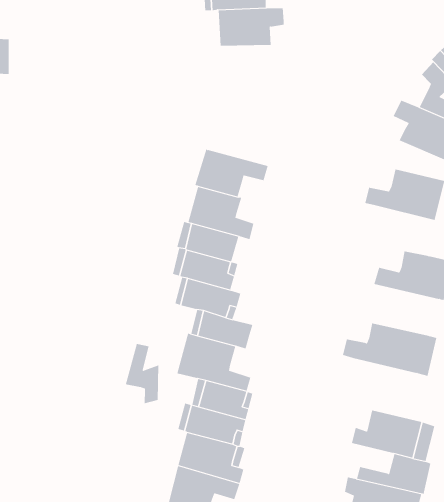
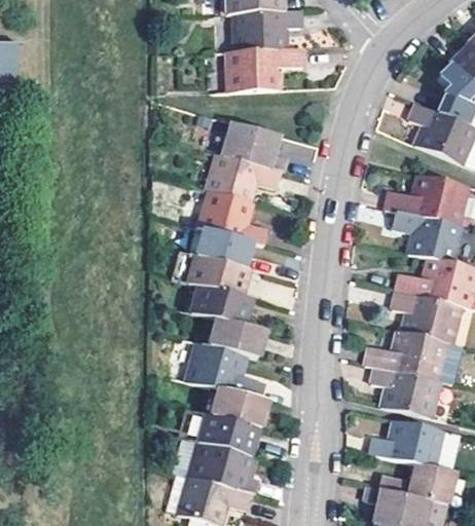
building: none -> [227,46,302,89]
building: none -> [222,120,288,170]
building: none -> [388,210,456,261]
building: none -> [387,290,458,342]
building: [125,343,159,404] -> none
building: none -> [365,365,435,416]

